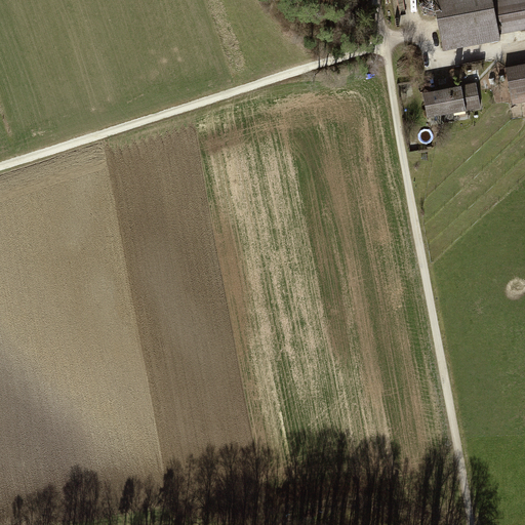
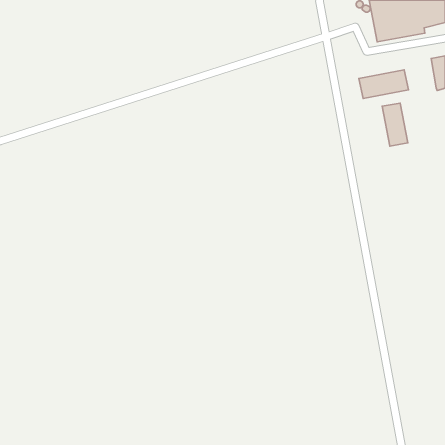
building: none -> [382,103,408,146]

